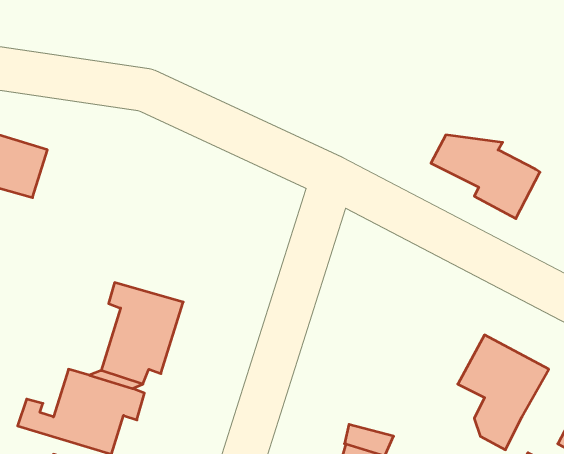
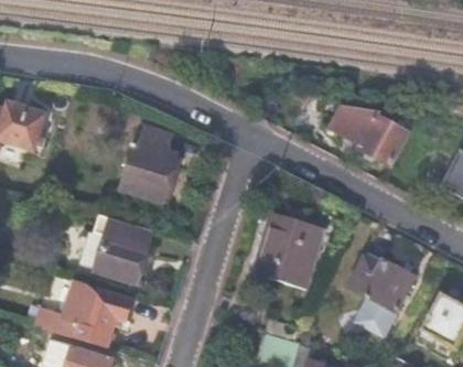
building: none -> [116,125,172,204]
building: none -> [255,212,325,289]

